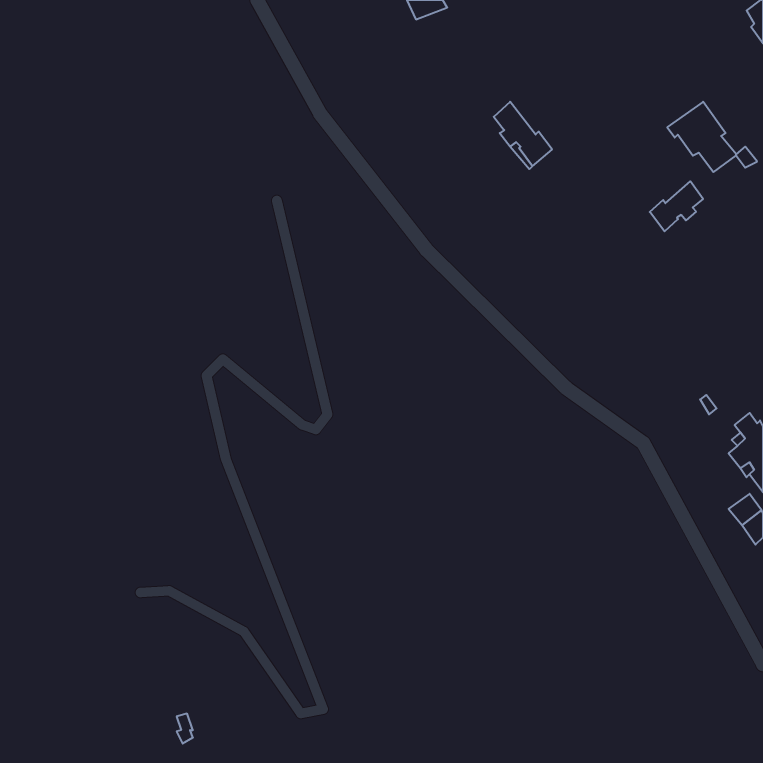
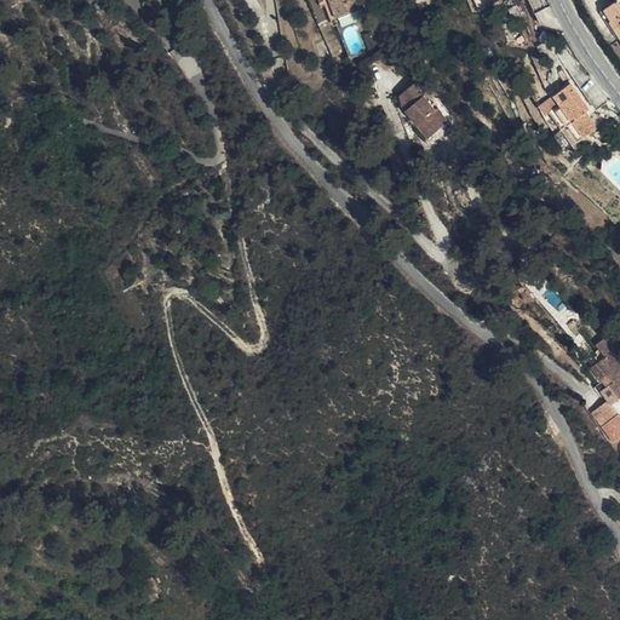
building: [650,181,703,231] -> none

